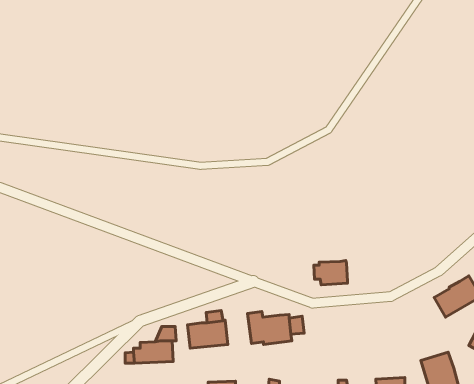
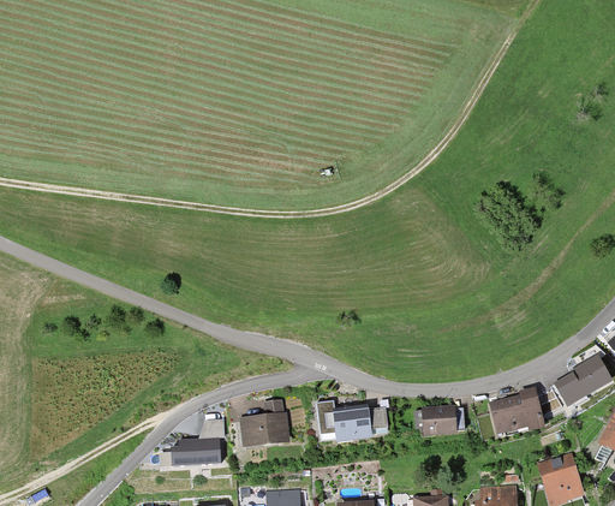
building: [314,260,348,285] -> [414,404,458,435]
building: none -> [489,387,545,435]

